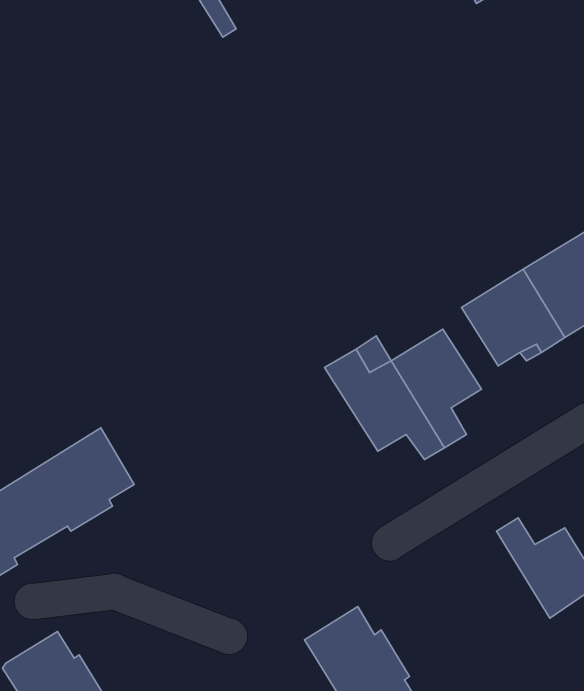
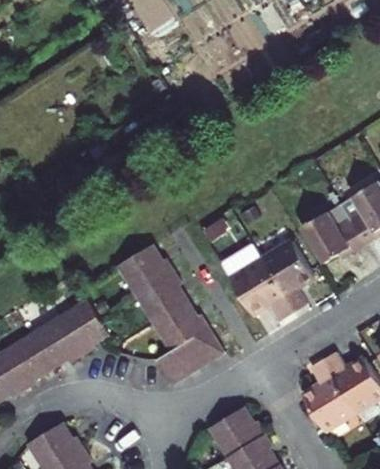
building: none -> [116,243,223,384]
building: none -> [302,361,355,432]

